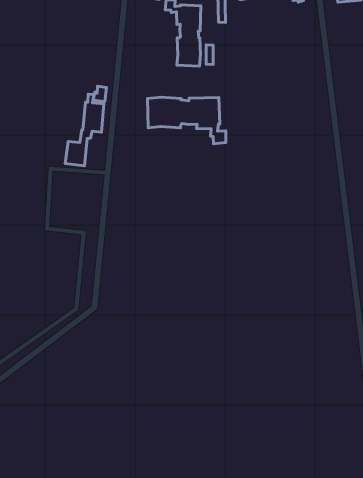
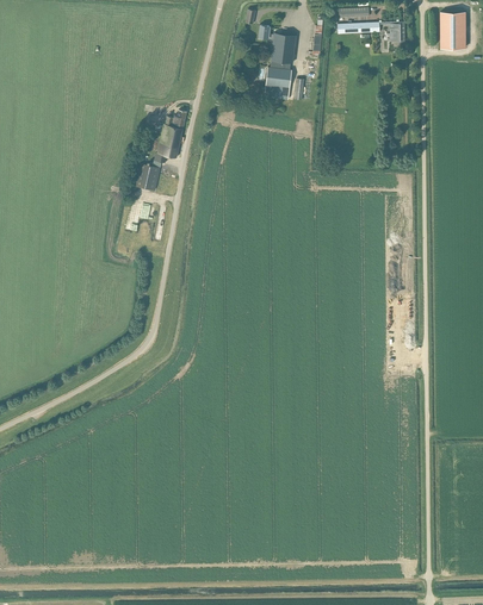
building: [148,97,226,144] -> none

